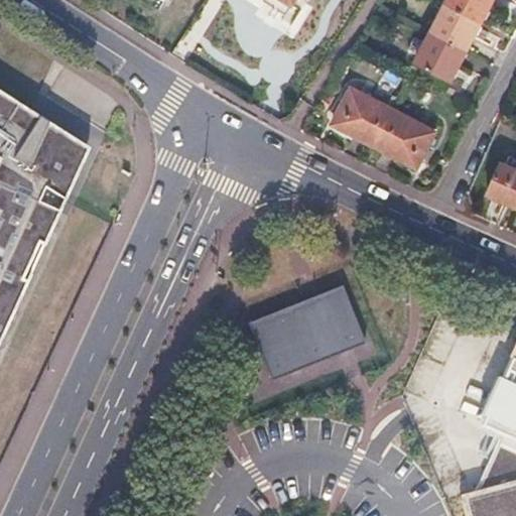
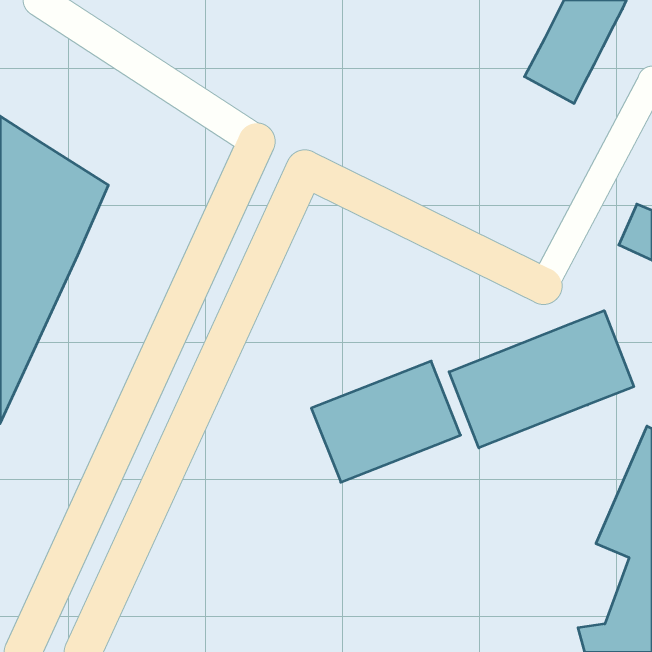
building: [330,84,439,170] -> none
building: none -> [449,311,634,448]

